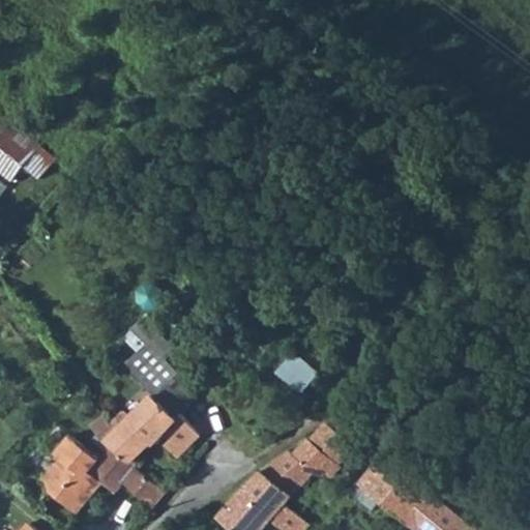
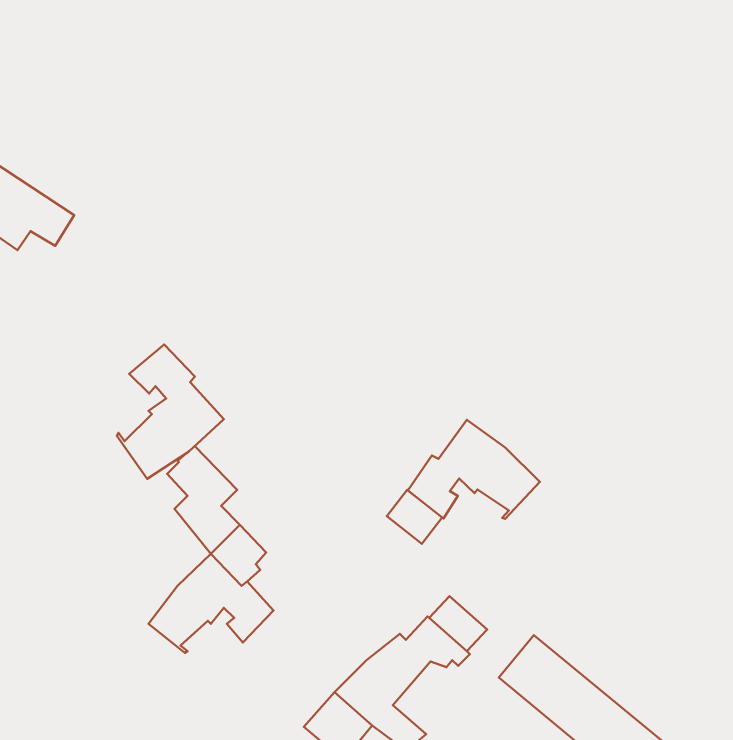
building: none -> [117,344,224,479]
building: none -> [408,420,540,519]
building: [40,437,161,516] -> none

